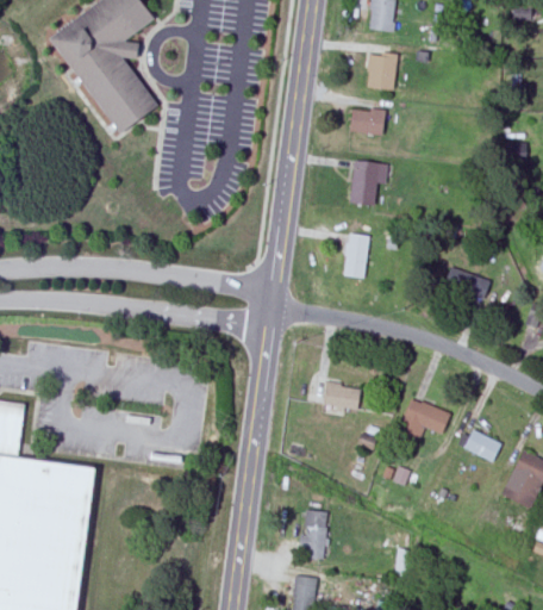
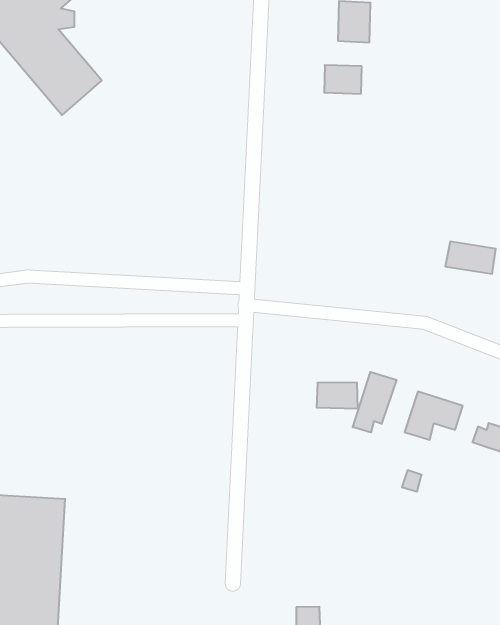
building: [350,161,387,205] -> none
building: [344,234,368,278] -> none
building: none -> [353,372,396,432]
building: [298,511,326,561] -> none

